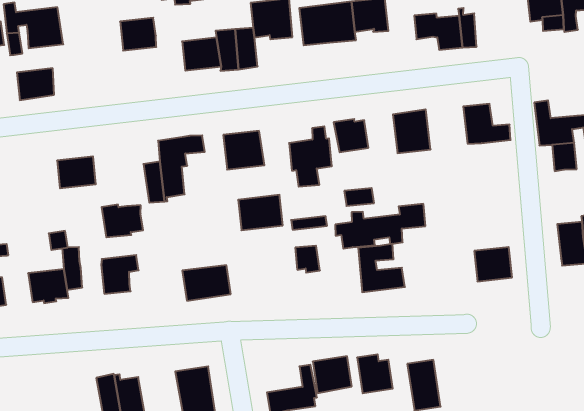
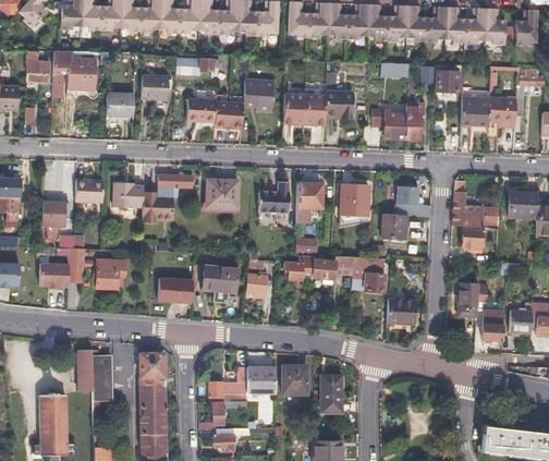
building: [17,68,54,100] -> [103,96,133,118]
building: none -> [381,214,406,238]
building: none -> [40,201,64,225]
building: [238,195,283,230] -> [204,265,237,290]
building: [102,205,143,237] -> [112,182,143,207]
building: [358,244,405,292] -> [352,256,386,292]

